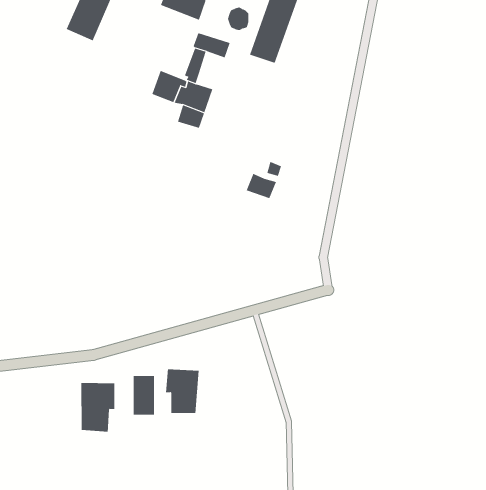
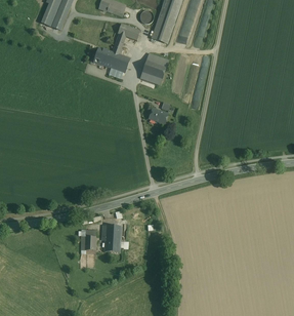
building: none -> [140,56,166,84]
building: [81,382,115,433] -> none

